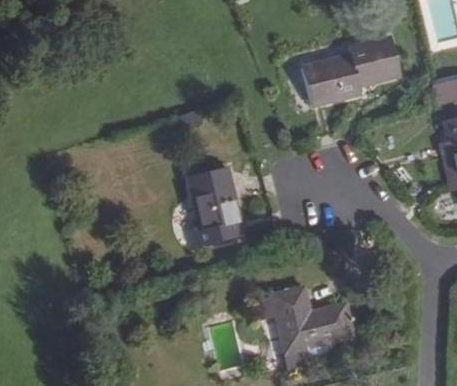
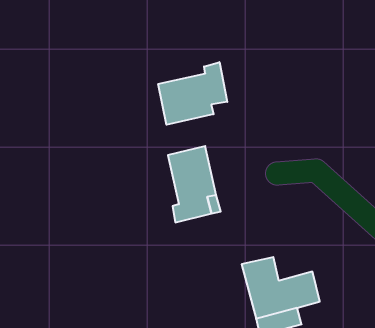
building: [300,36,402,106] -> none
building: none -> [158,62,227,125]

